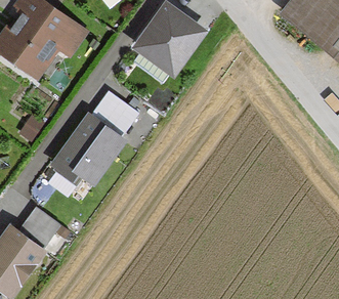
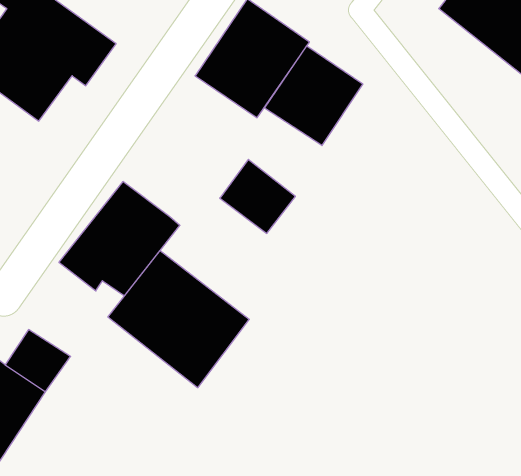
building: none -> [265,46,363,146]
building: [91,93,137,138] -> [220,159,295,233]
building: none -> [108,251,249,388]

